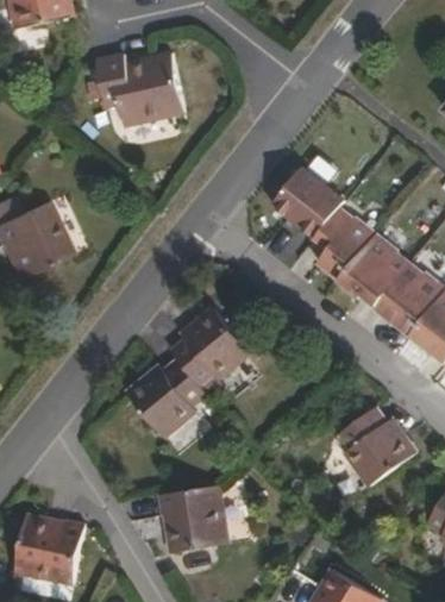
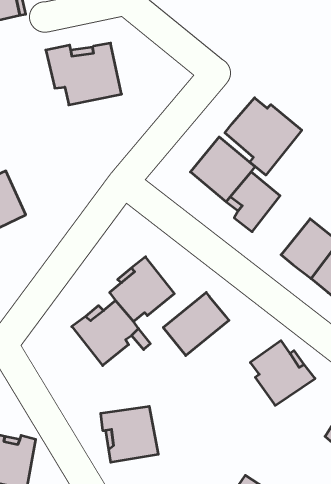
building: none -> [225,98,302,175]
building: [341,234,410,305] -> none
building: none -> [163,292,229,356]

